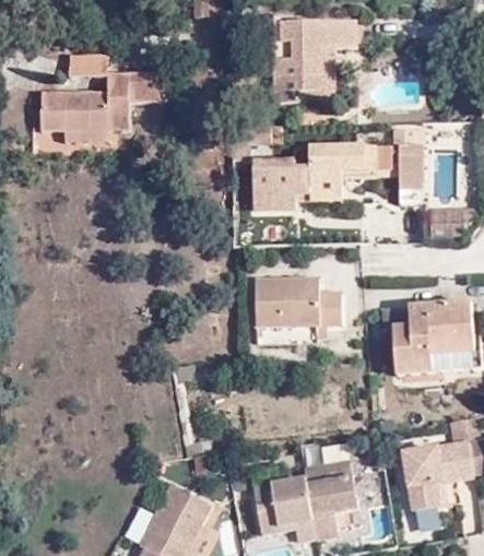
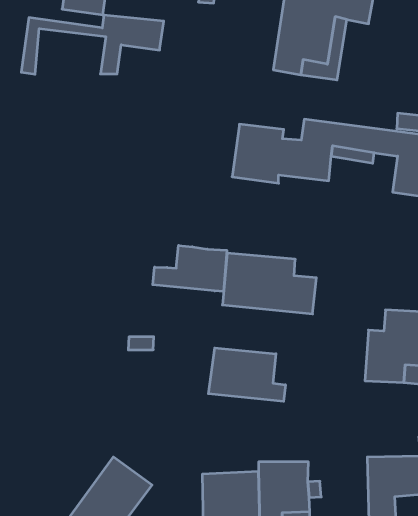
building: [51,95,114,139] -> none
building: none -> [153,245,227,292]
building: none -> [208,348,285,401]

